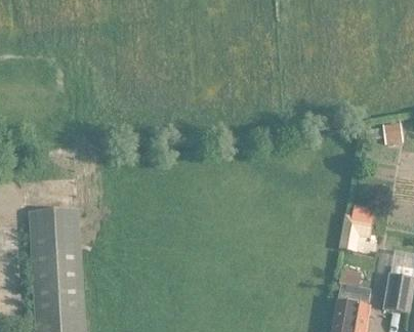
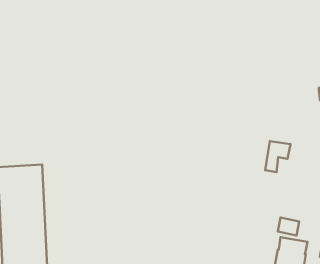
building: [342,214,370,248] -> [265,141,290,172]

